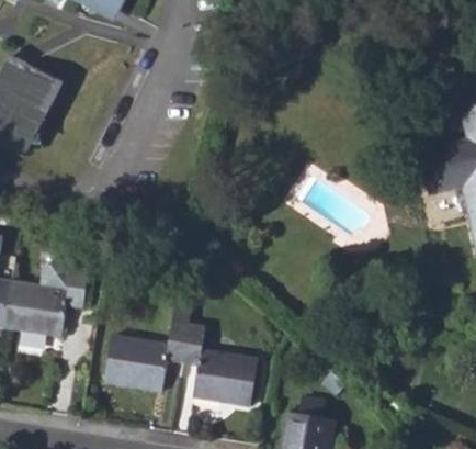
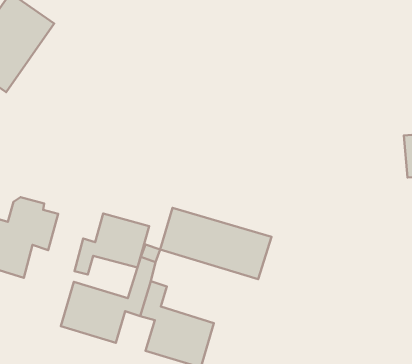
building: none -> [160,208,271,279]
building: none -> [74,214,149,274]

